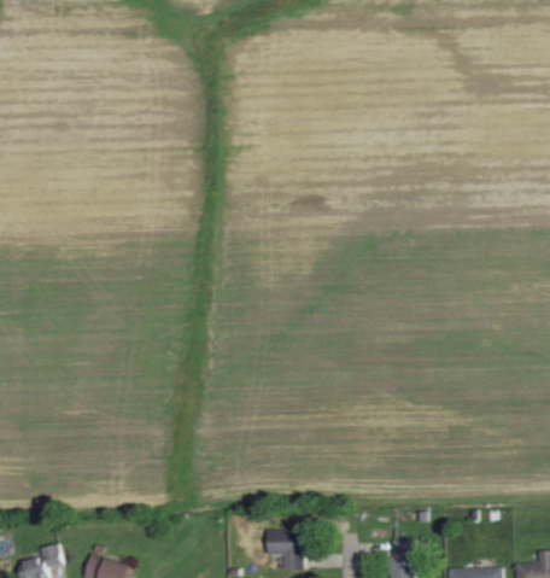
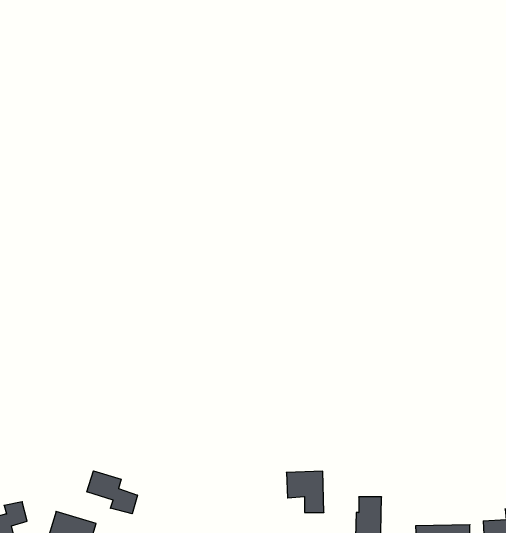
building: none -> [87,471,137,514]
building: [265,529,303,570] -> [286,471,324,512]

